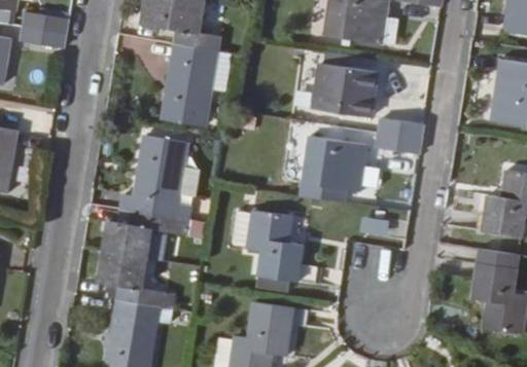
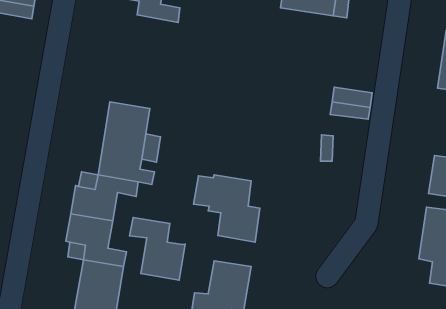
building: [160,43,216,127] -> none
building: [313,63,377,118] -> none
building: [303,137,366,191] -> none
building: none -> [130,218,185,280]

